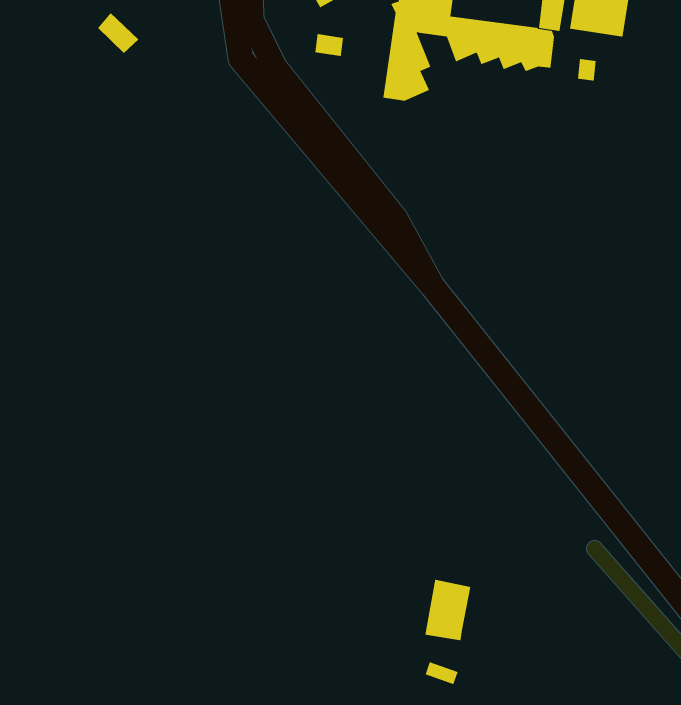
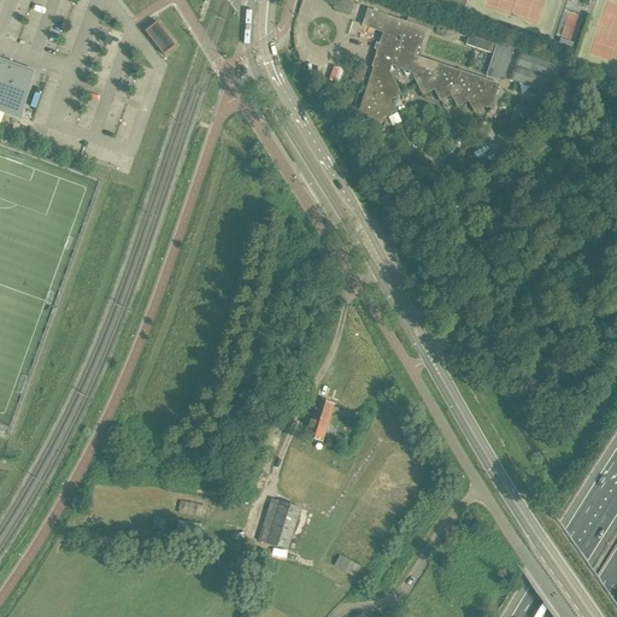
building: none -> [305,399,333,440]
building: [425,579,471,641] -> [259,499,300,550]

